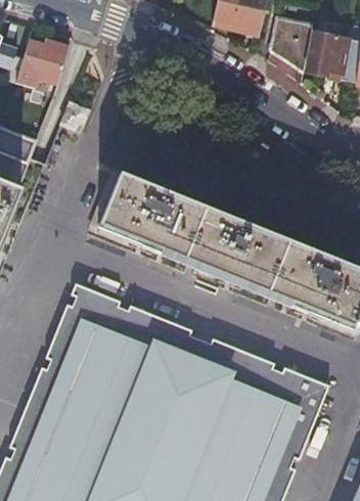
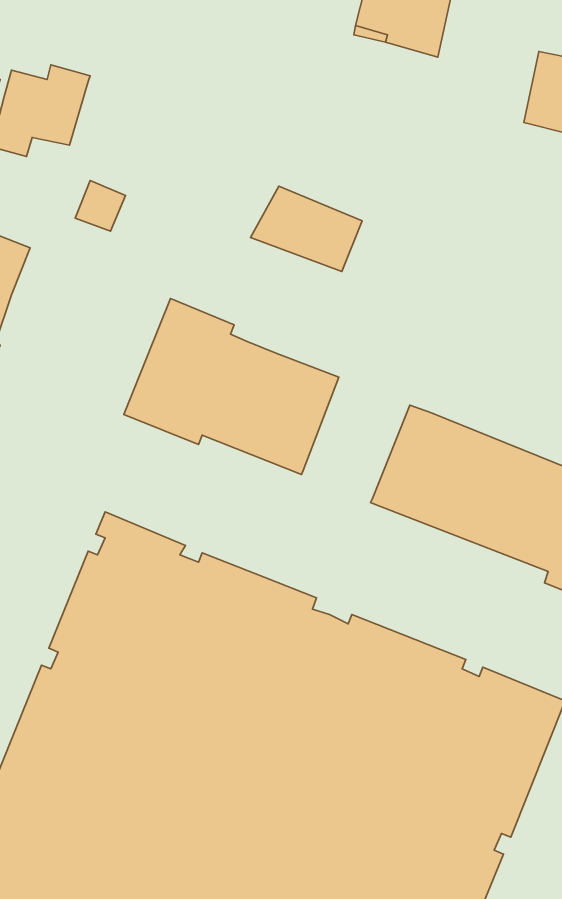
building: [271,17,313,72] -> none
building: none -> [251,186,362,271]
building: [184,211,243,279] -> none

